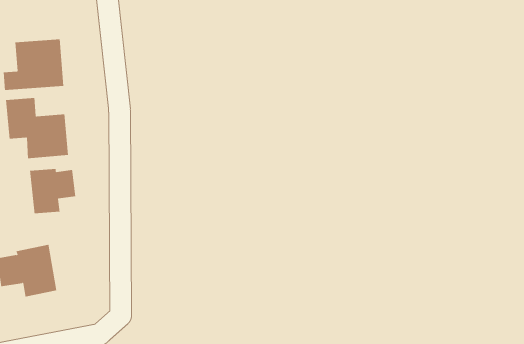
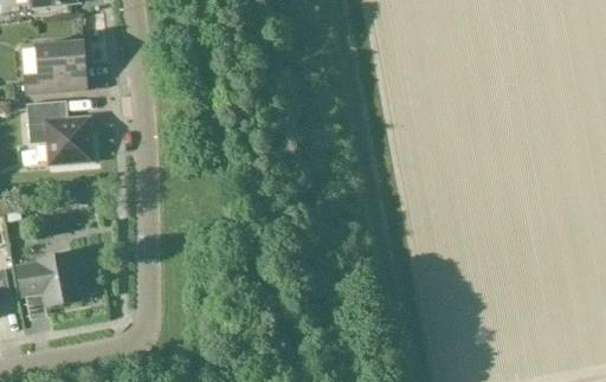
building: [29,168,76,214] -> none

